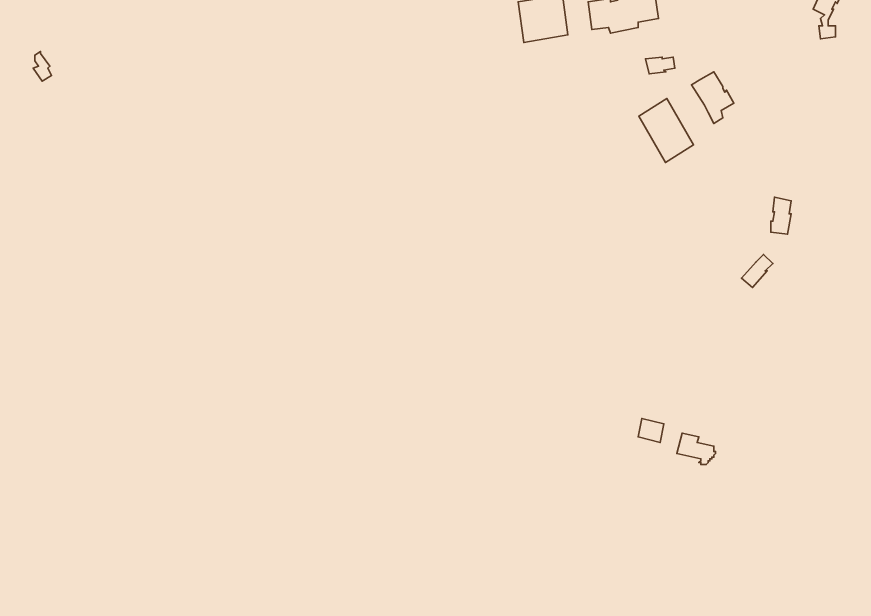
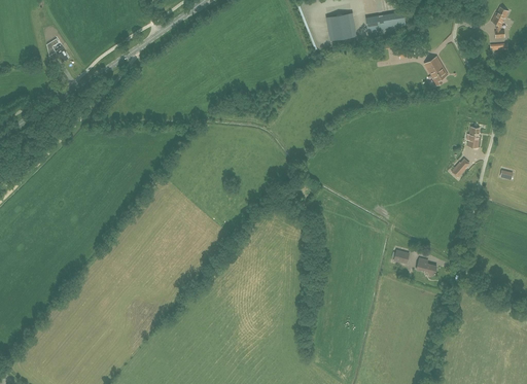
building: [639,98,693,163] -> none

